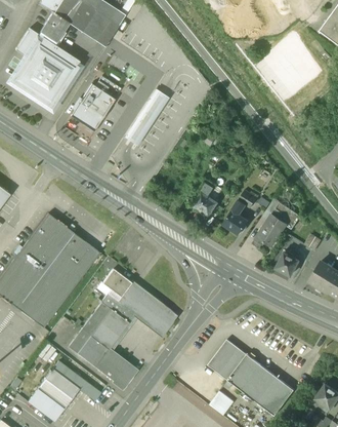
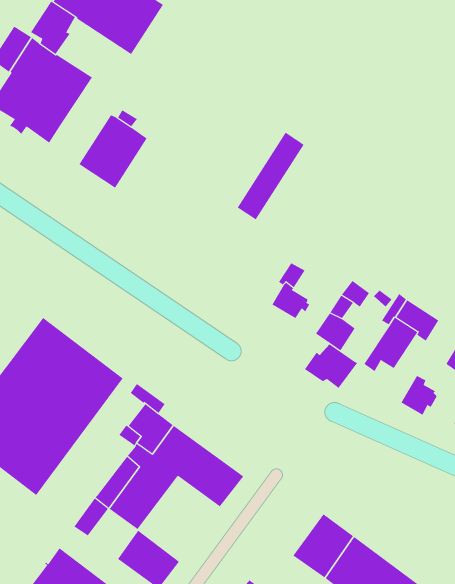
building: [125,89,168,146] -> [237,132,304,220]
building: none -> [304,342,358,389]
building: [77,336,109,367] -> none

